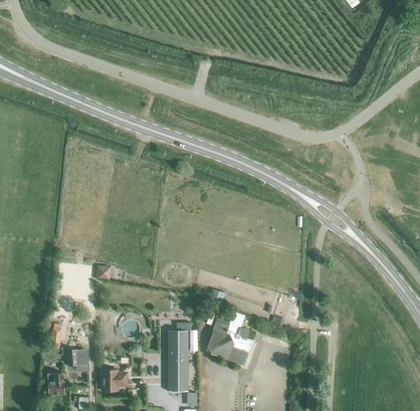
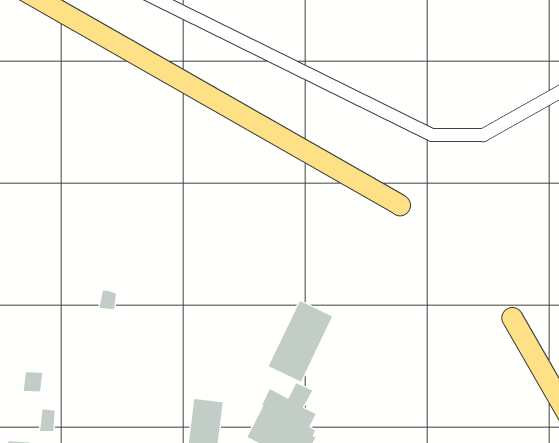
building: none -> [268,300,333,382]

